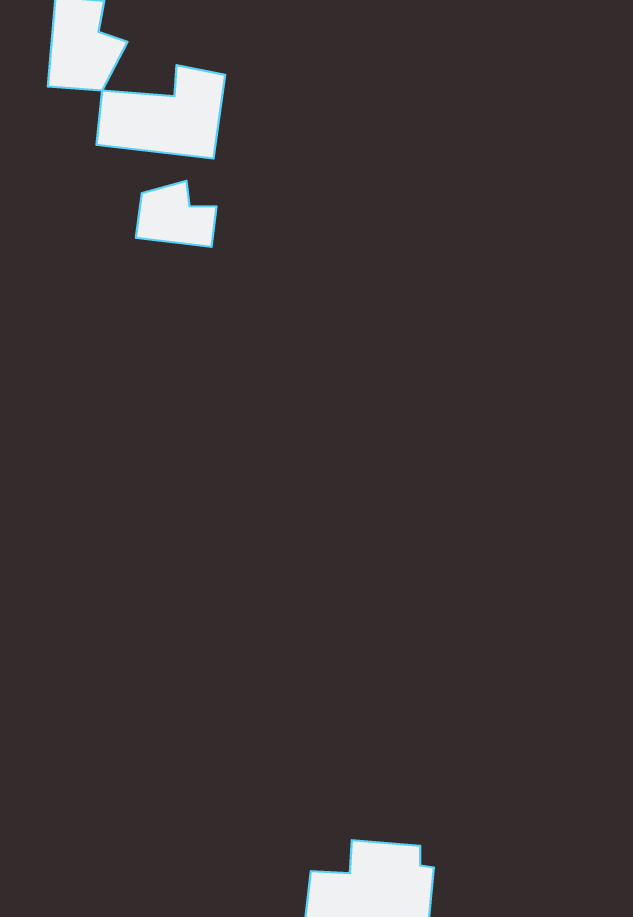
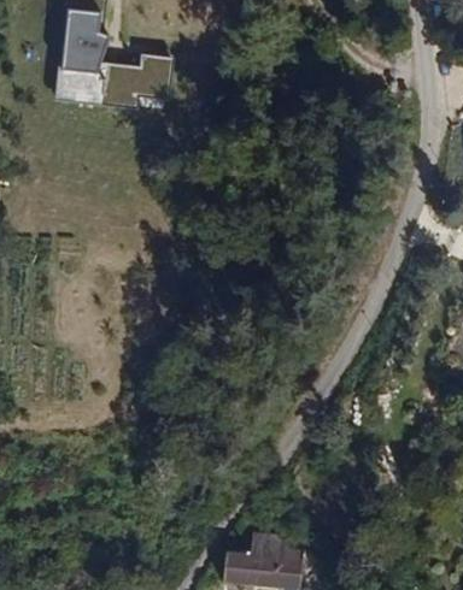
building: none -> [59,67,96,104]
building: [136,181,216,247] -> none

